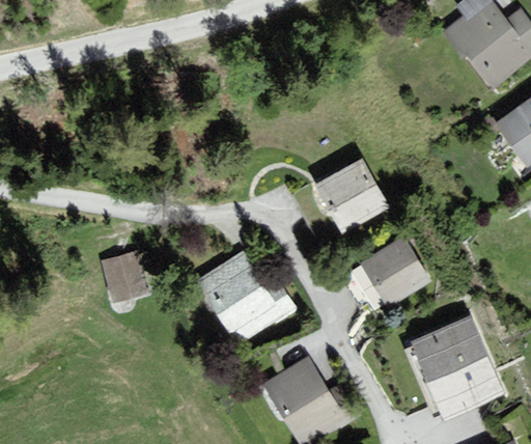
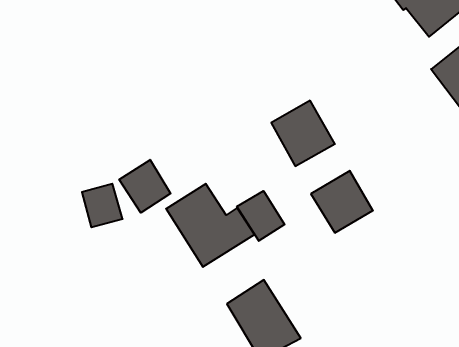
building: none -> [119,160,171,213]
building: none -> [237,191,285,241]
building: [412,317,503,418] -> none

